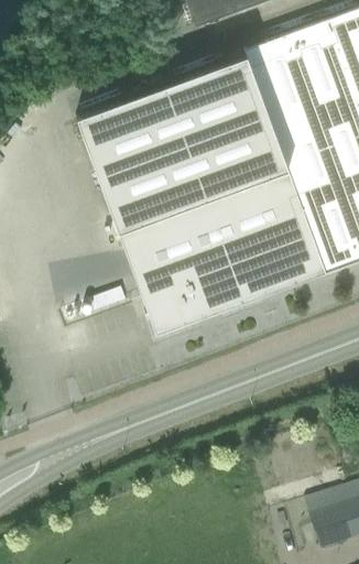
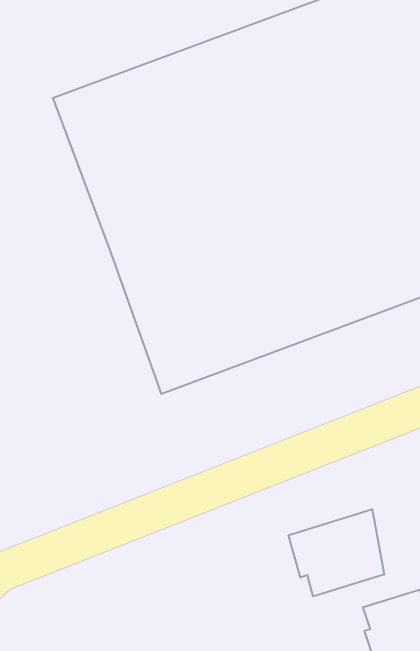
building: none -> [289,509,384,596]

